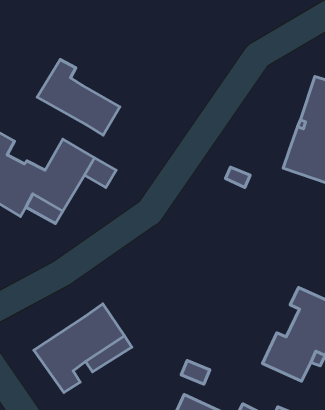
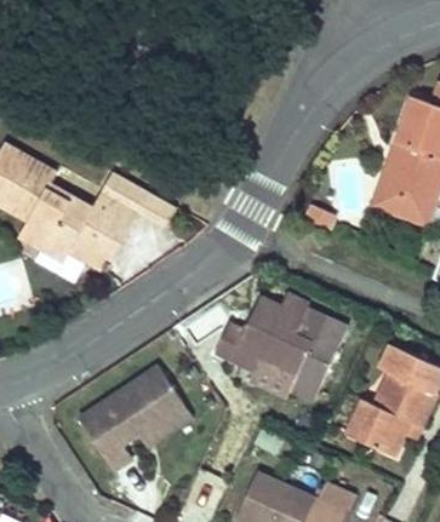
building: [37,59,120,135] -> none
building: none -> [213,296,345,400]

